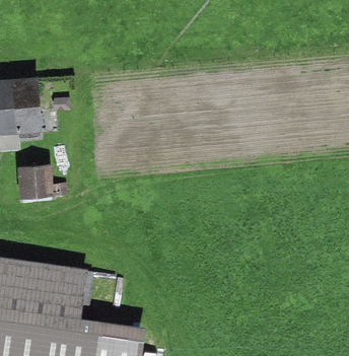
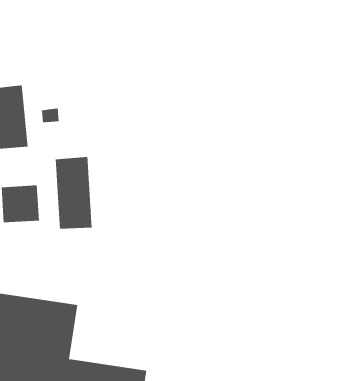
building: none -> [55,156,92,229]

